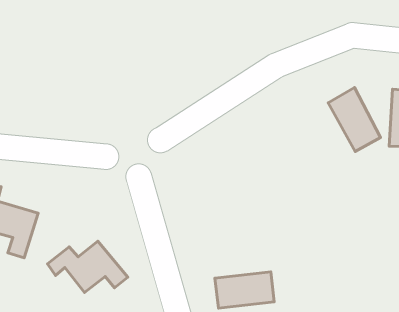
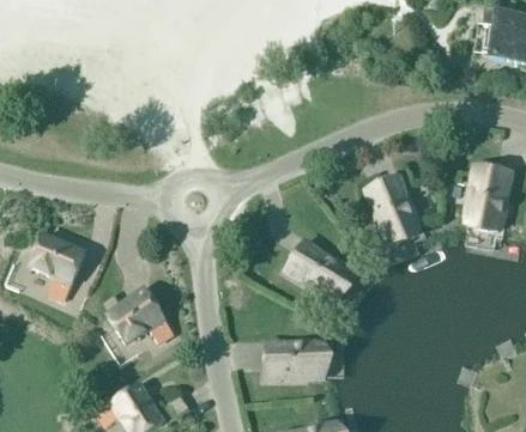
building: [328,87,381,152] -> [367,174,418,242]
building: none -> [285,241,353,299]

